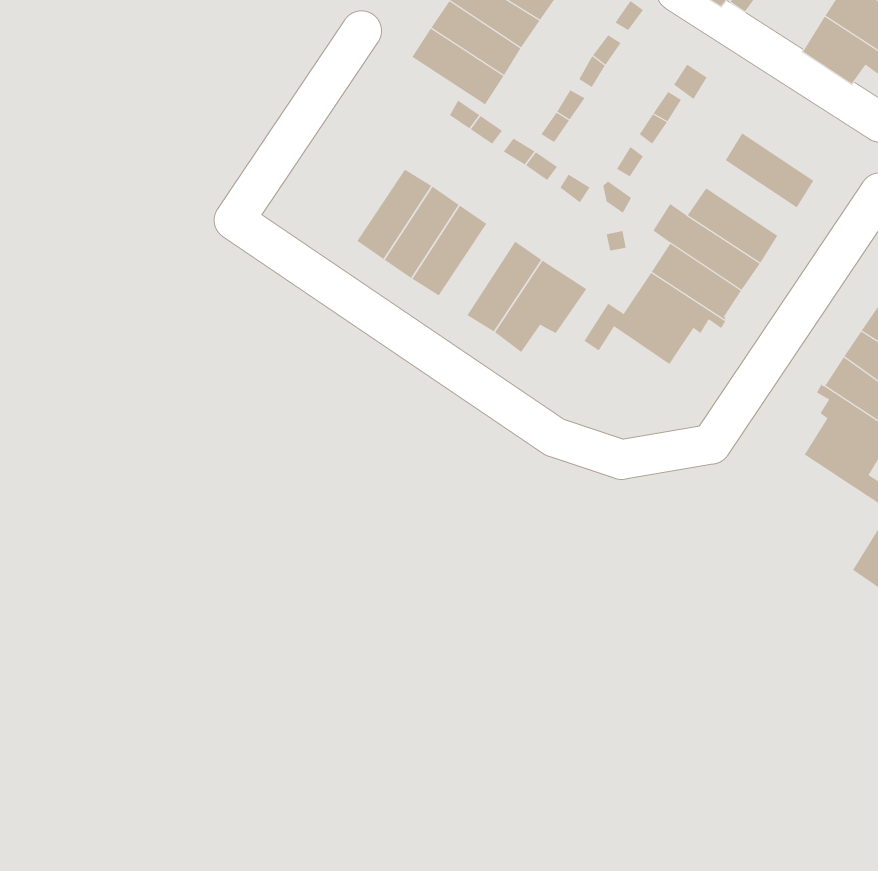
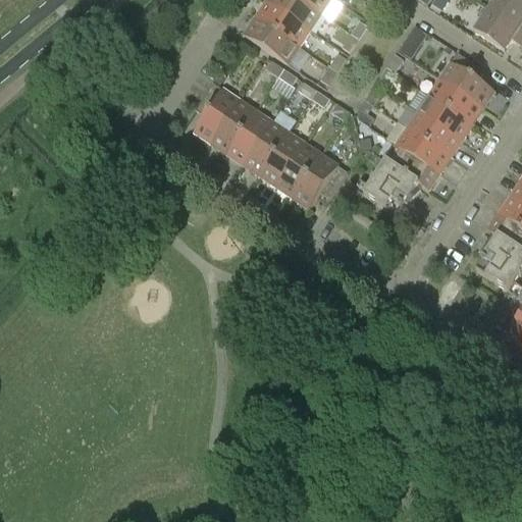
building: none -> [440,52,494,107]
building: none -> [195,82,241,143]
building: none -> [409,88,473,140]
building: none -> [261,133,306,187]

